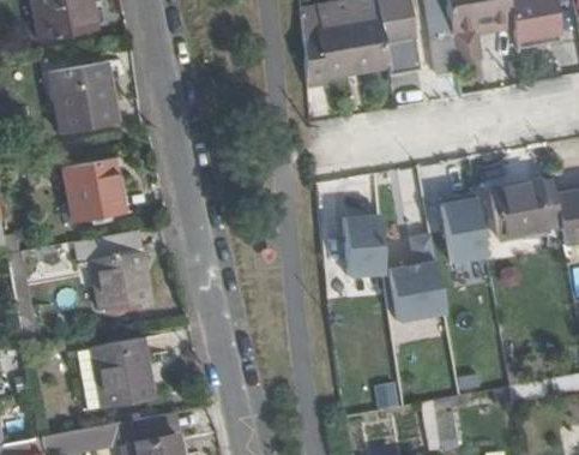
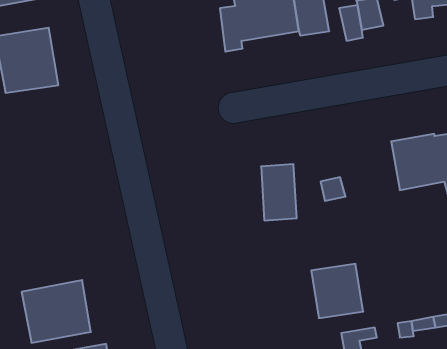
building: [64,160,128,223] -> none
building: [440,196,484,259] -> none
building: [76,228,156,311] -> none
building: [390,259,447,319] -> [311,264,363,318]

